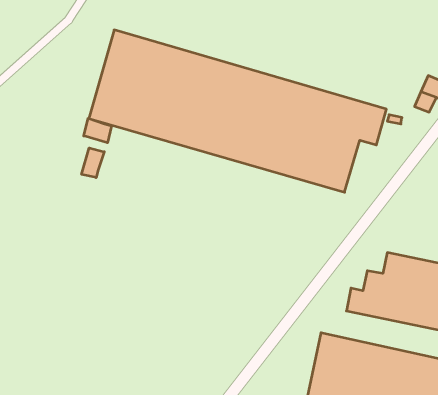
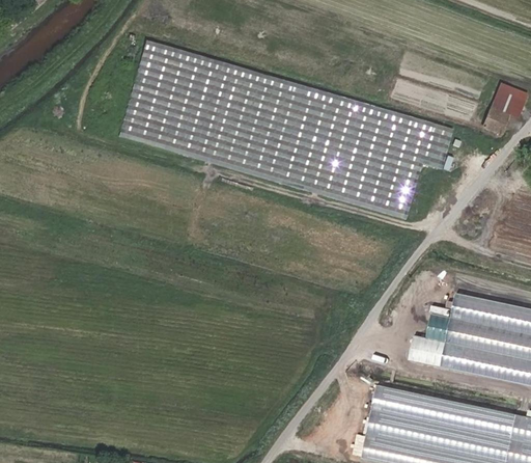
building: [84,118,111,143] -> none
building: [82,148,104,178] -> none

